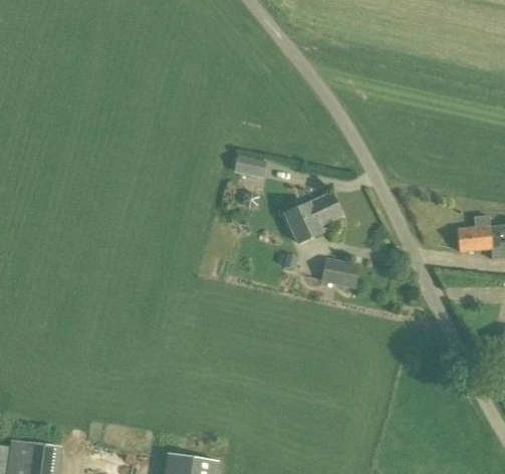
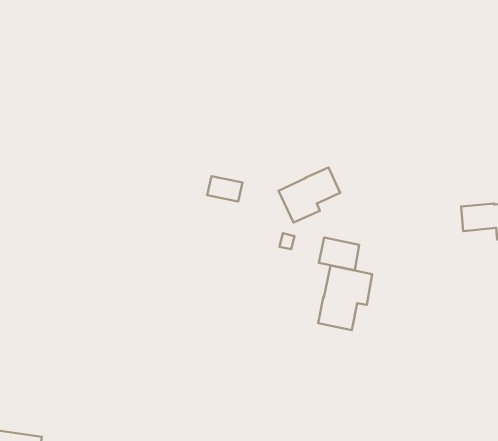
building: [234,154,267,178] -> [207,176,242,202]
building: none -> [318,266,372,330]

